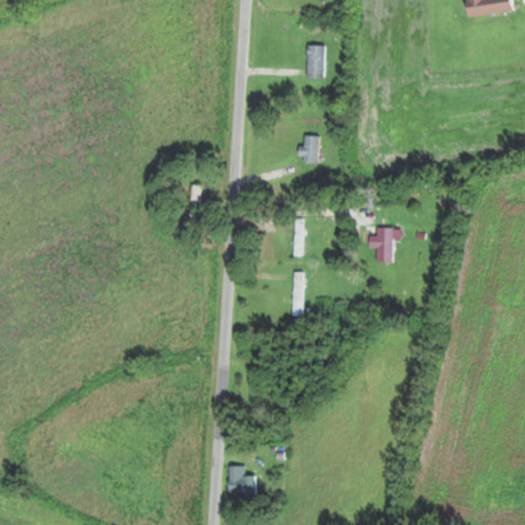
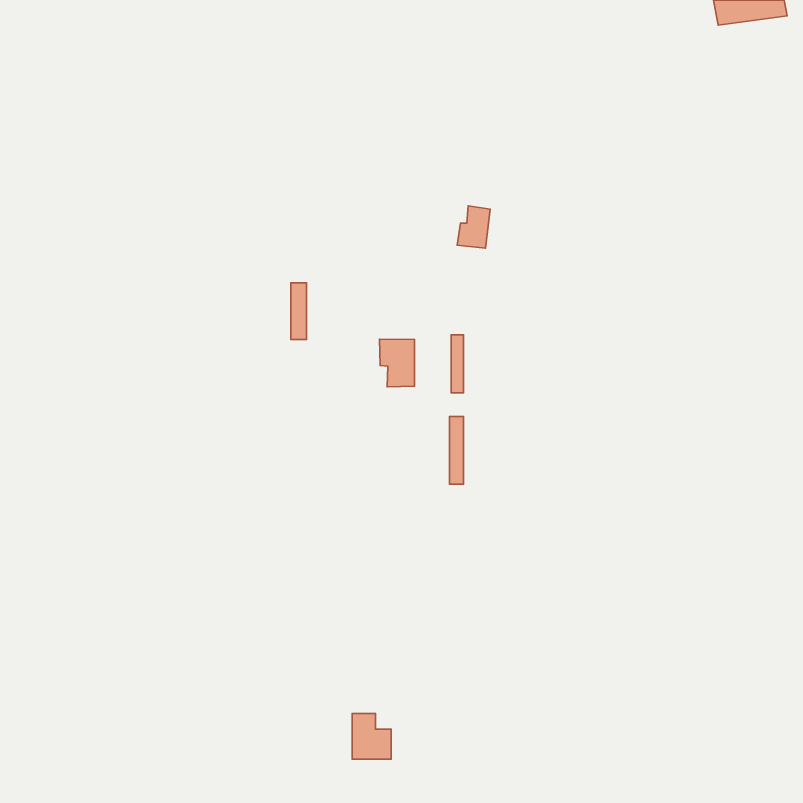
building: [307,44,325,77] -> none
building: none -> [379,339,414,387]
building: [376,228,394,262] -> none

